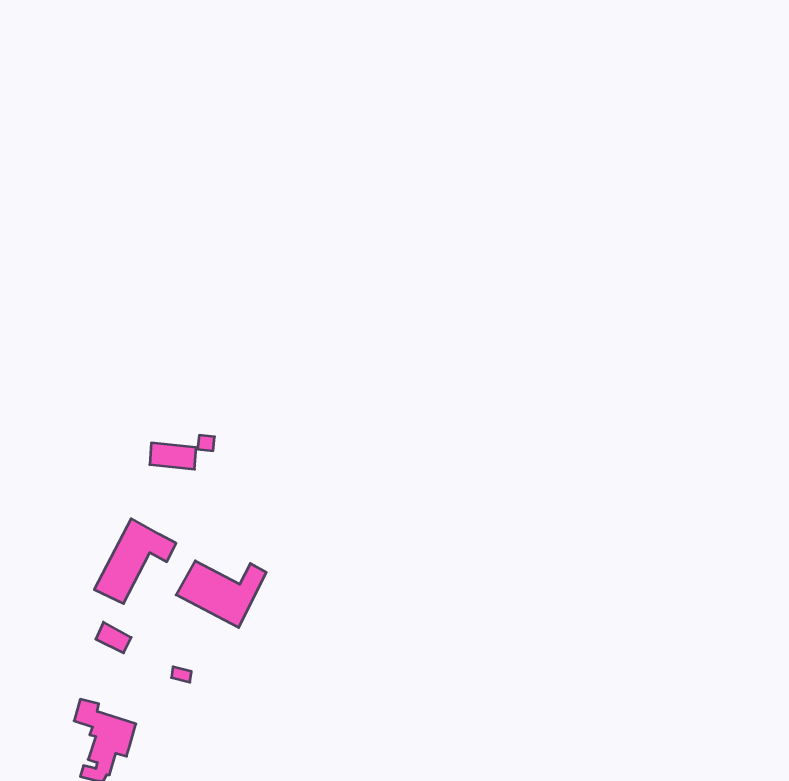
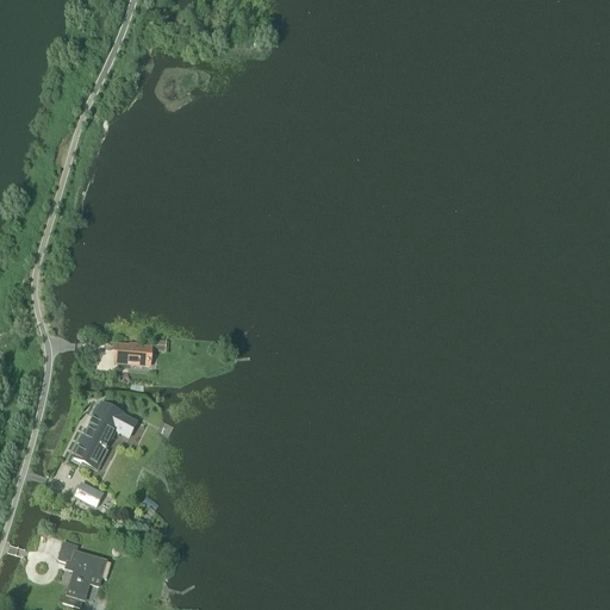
building: [176,561,266,628] -> none

